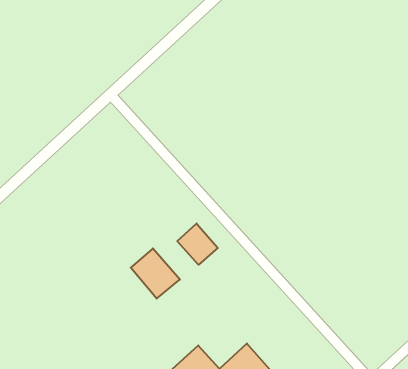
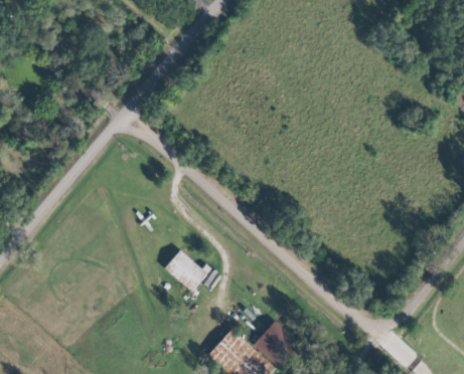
building: [177,223,218,265] -> none

